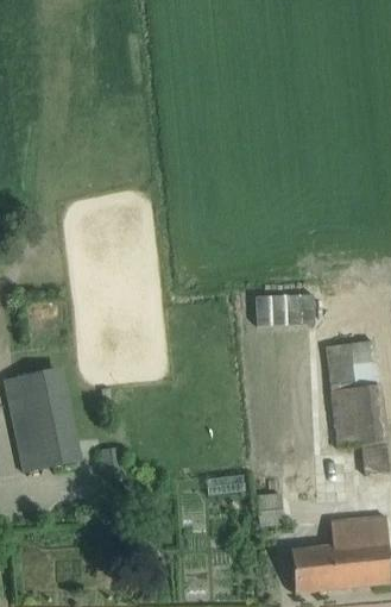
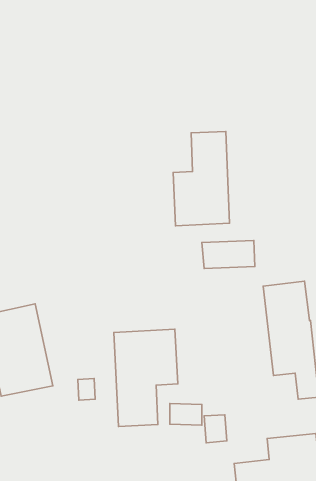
building: none -> [173,131,230,226]
building: none -> [114,329,178,427]

